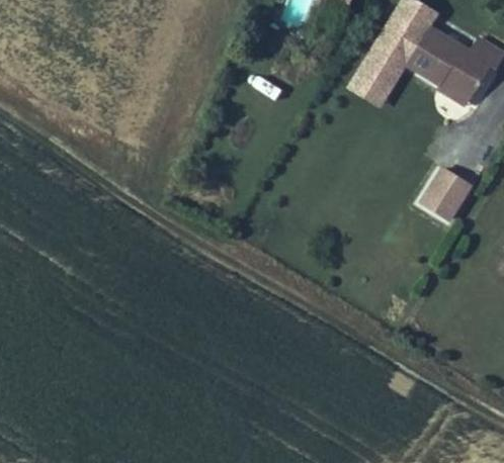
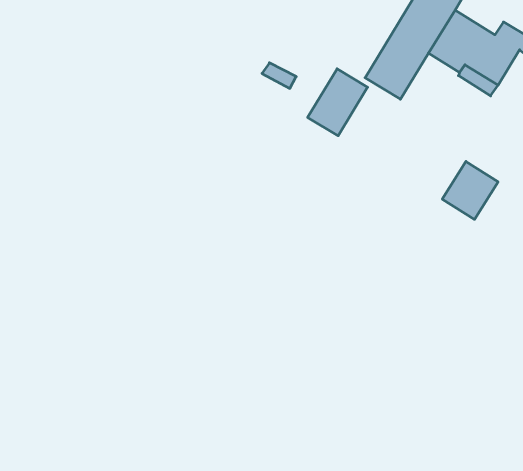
building: none -> [308,69,368,136]

